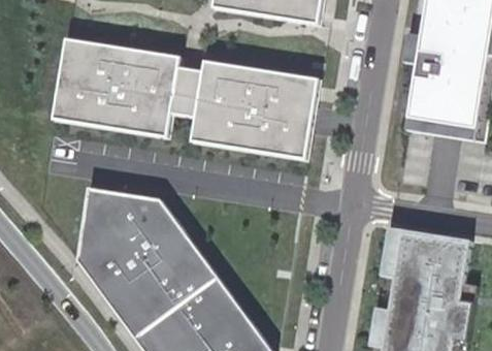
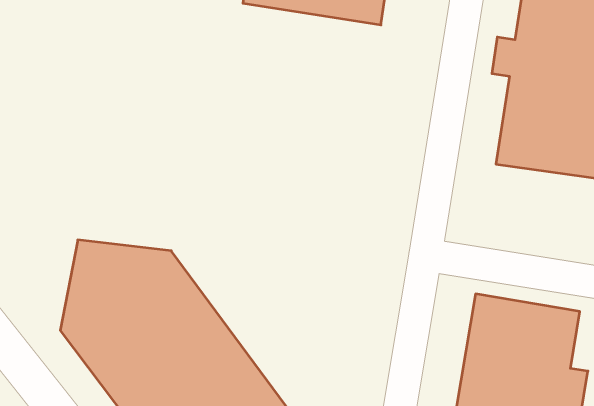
building: [52,38,179,137] -> none
building: [191,60,319,159] -> none

